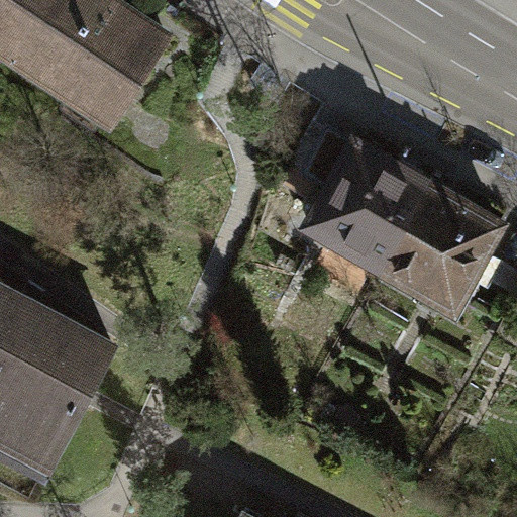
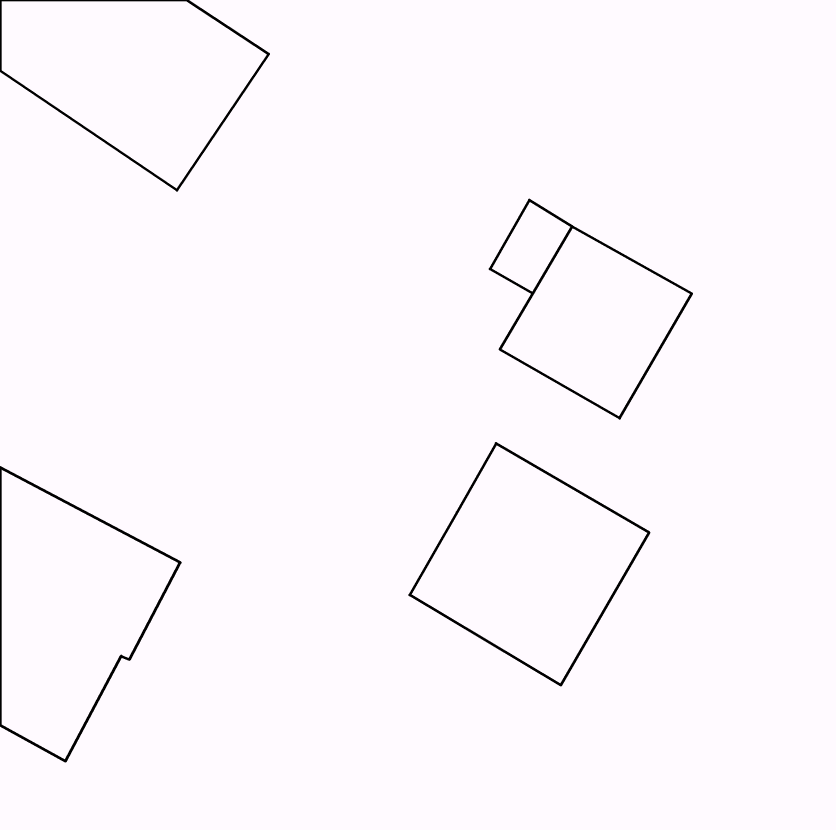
building: [383,186,497,303] -> none
building: none -> [410,443,649,685]

